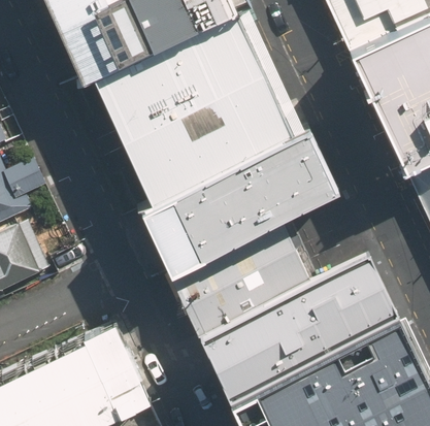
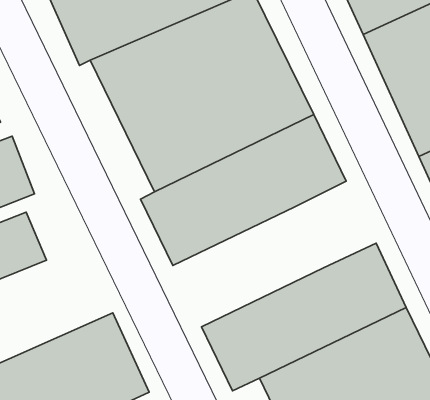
building: [172,221,318,336] -> none

